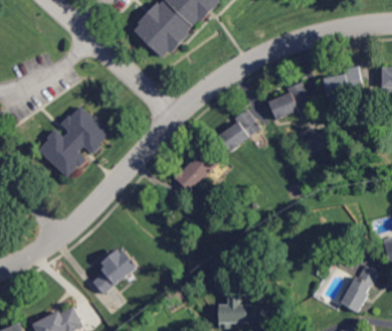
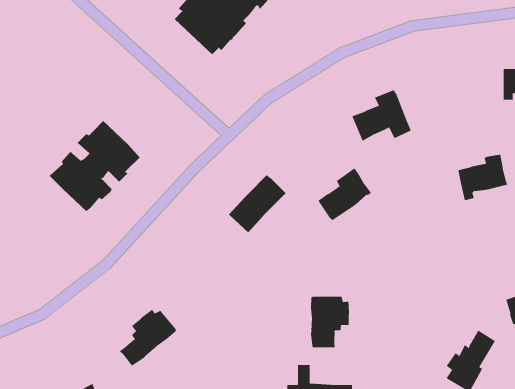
building: [323,66,361,102] -> [457,154,508,201]
building: [218,110,259,150] -> [318,168,372,221]
building: none -> [310,296,350,348]

